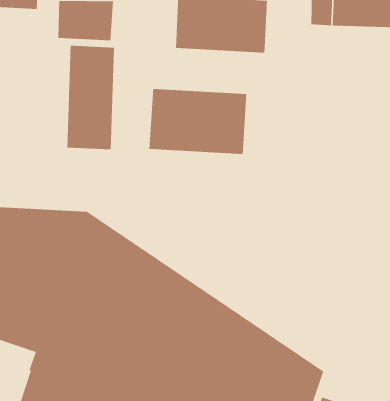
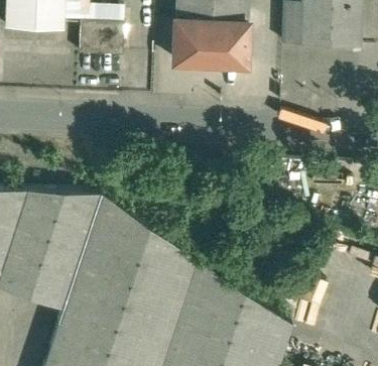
building: [66,45,115,150] -> none
building: [149,88,247,155] -> none

